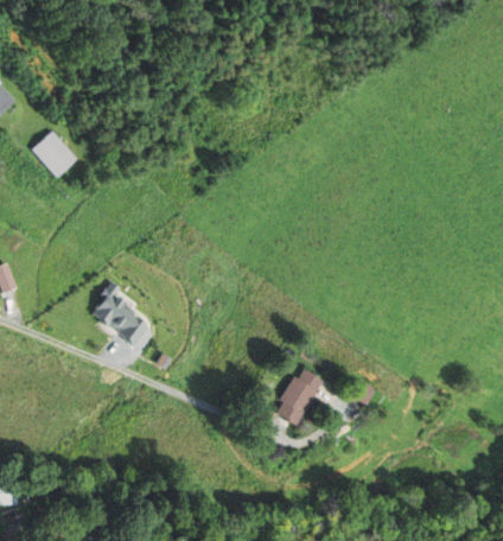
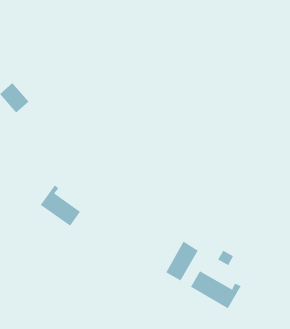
building: none -> [190,270,241,309]

